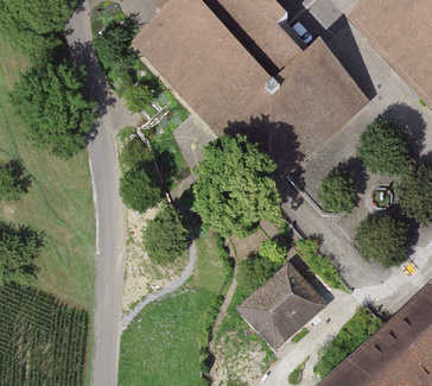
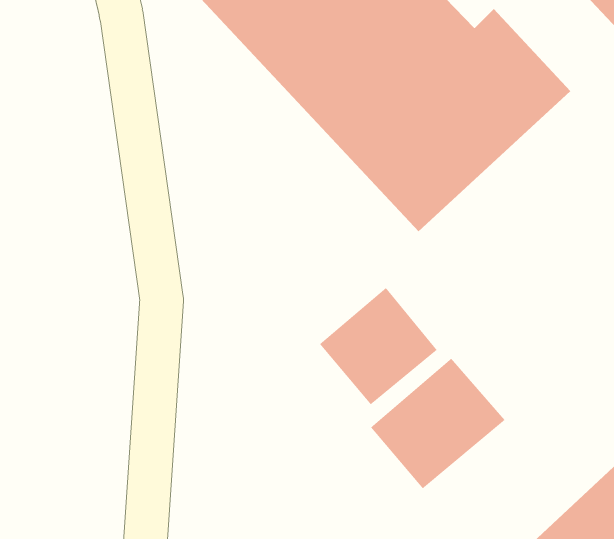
building: none -> [319,287,438,405]

